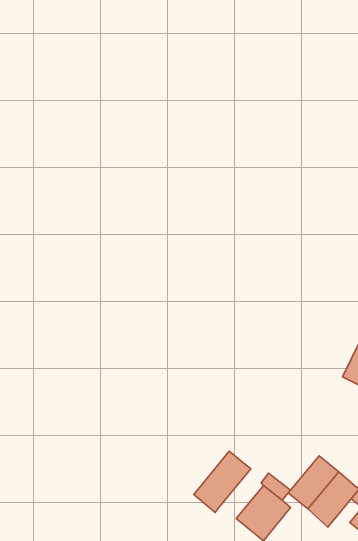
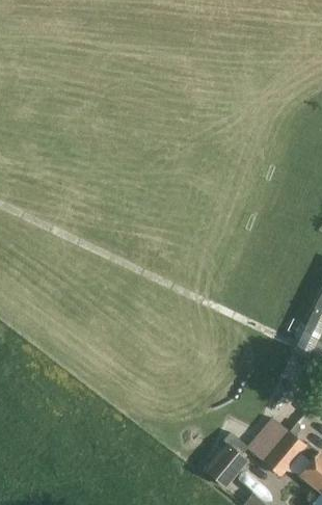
building: [194,451,251,513] -> none

